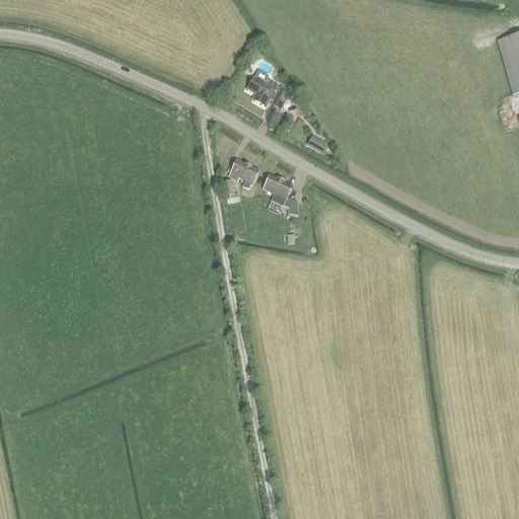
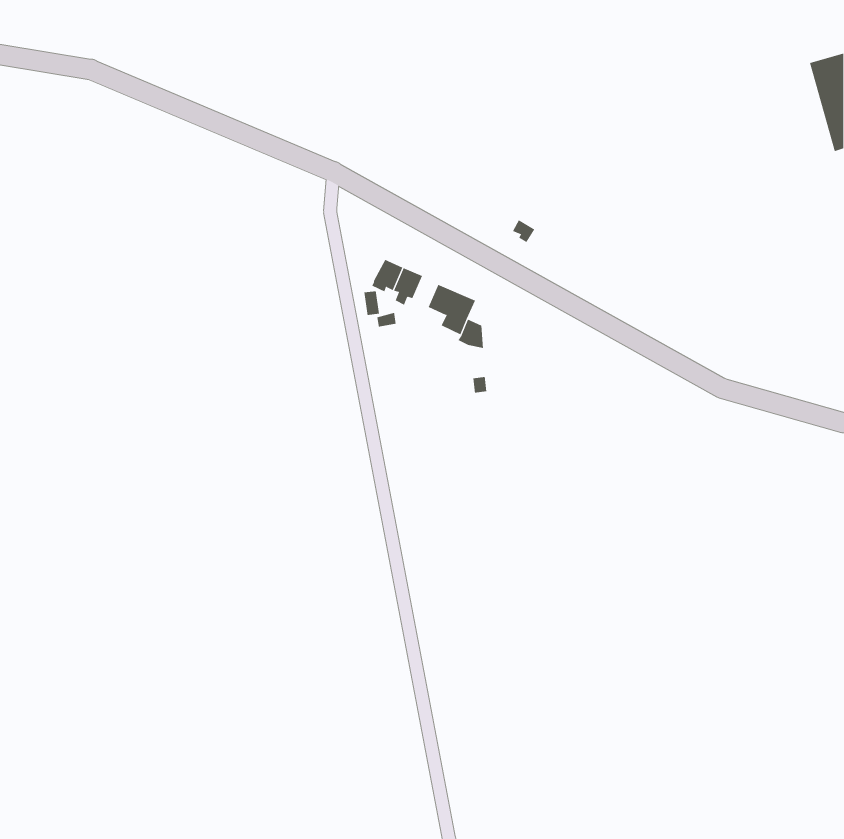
building: [246,74,290,107] -> none

